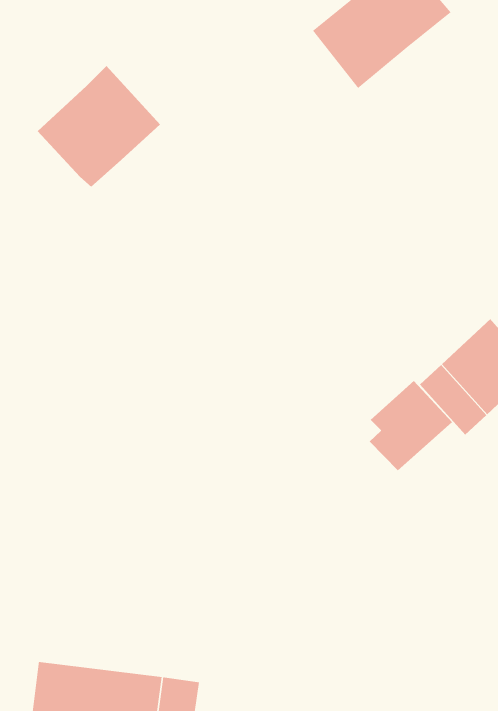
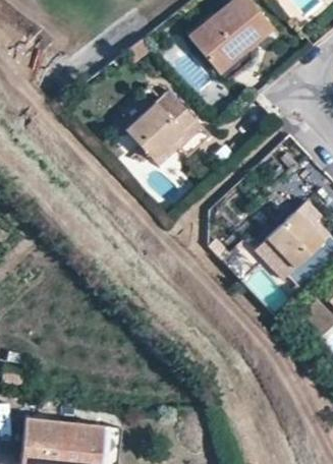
building: [37,65,161,187] -> [126,90,201,163]
building: [369,380,453,471] -> none

